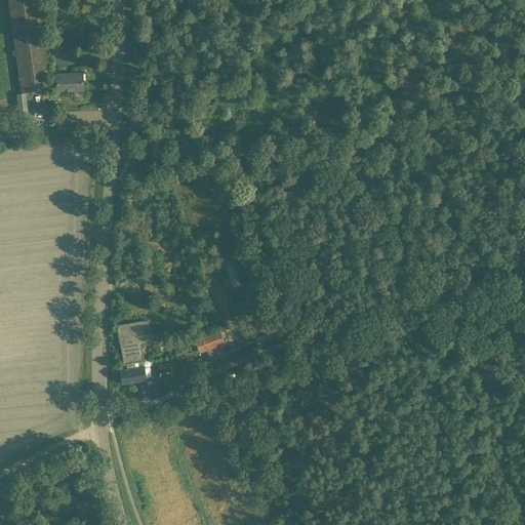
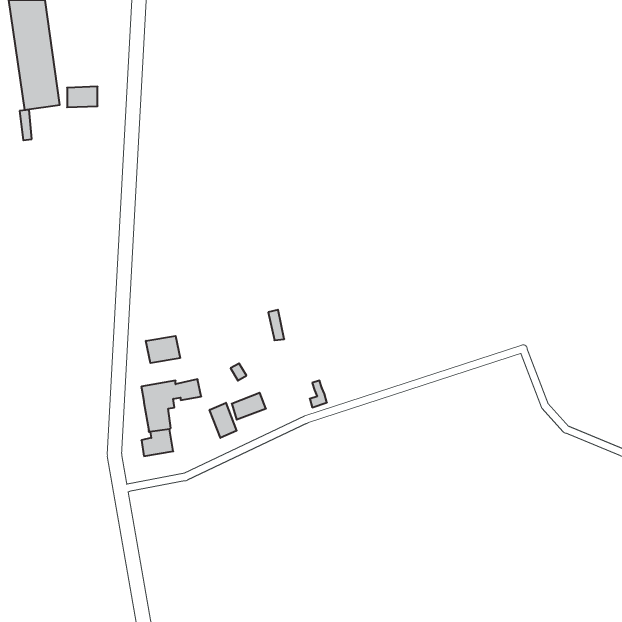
building: none -> [146,336,180,363]
building: none -> [210,403,237,438]

